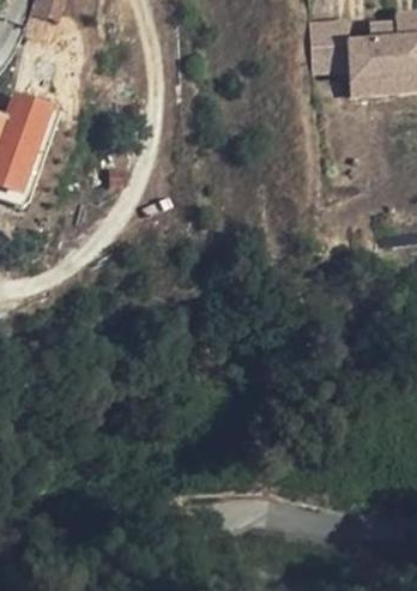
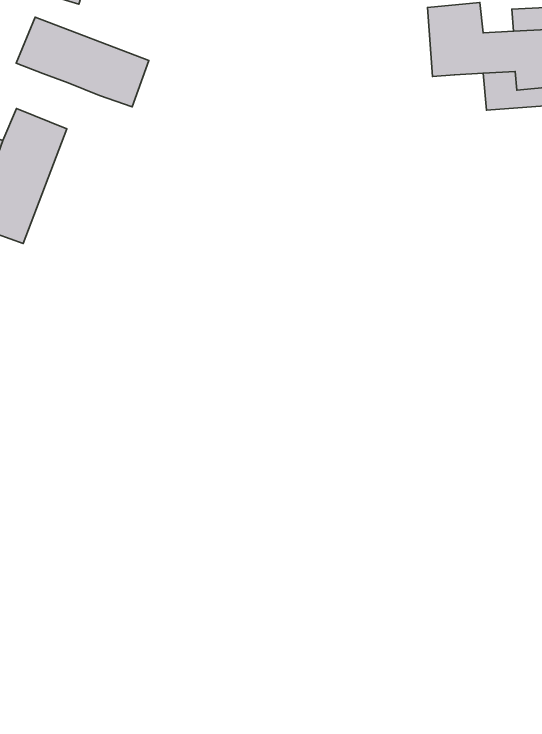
building: none -> [16,17,149,107]

